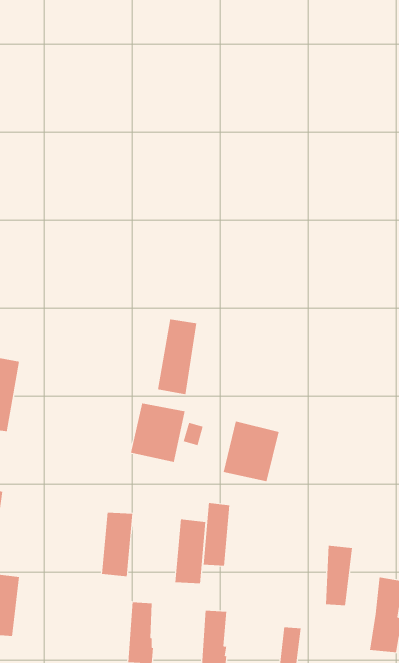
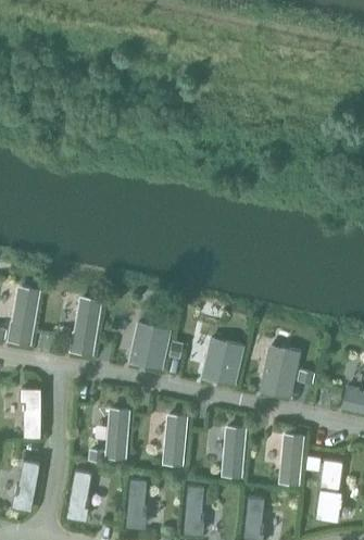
building: [157,319,197,395] -> [71,297,102,356]
building: none -> [260,346,301,399]
building: [203,503,230,566] -> [223,427,244,477]
building: none -> [67,469,92,519]

